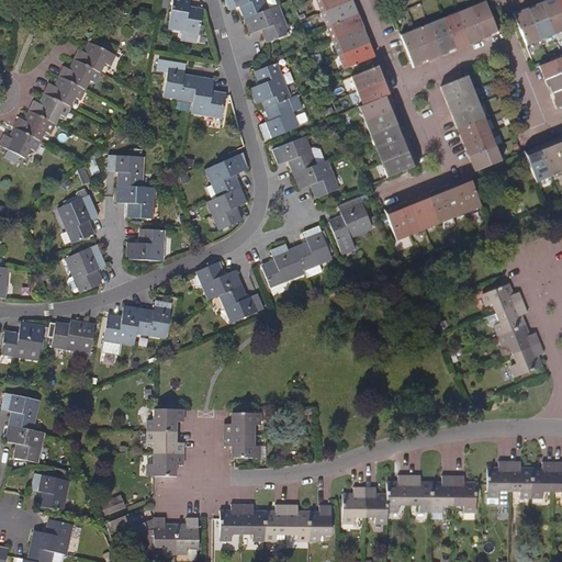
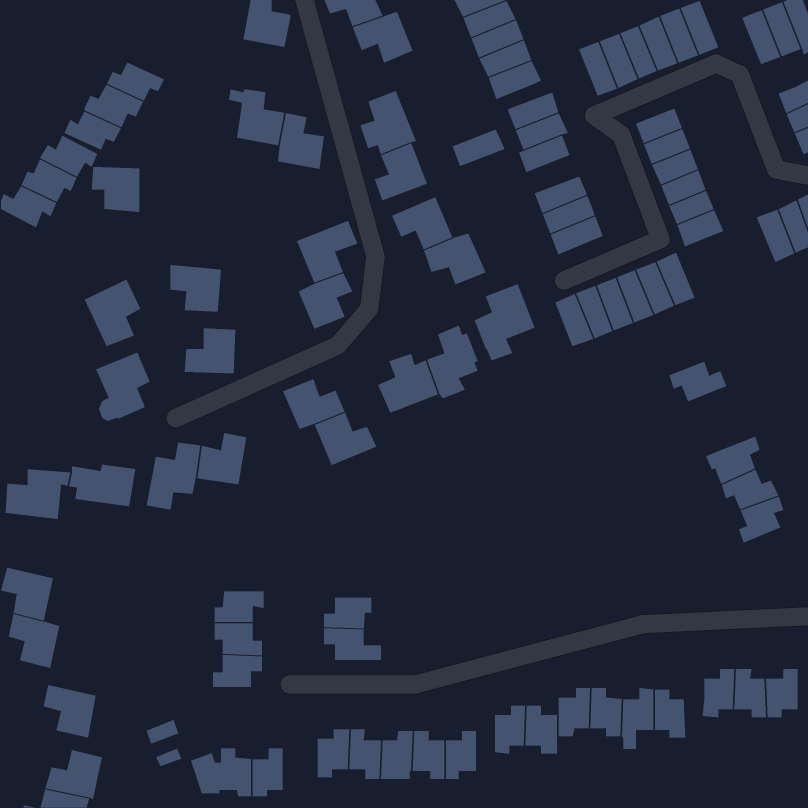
building: [366,108,403,134] -> [452,129,506,167]
building: [110,154,144,186] -> [91,166,140,212]
building: [484,284,525,313] -> [669,361,727,402]

